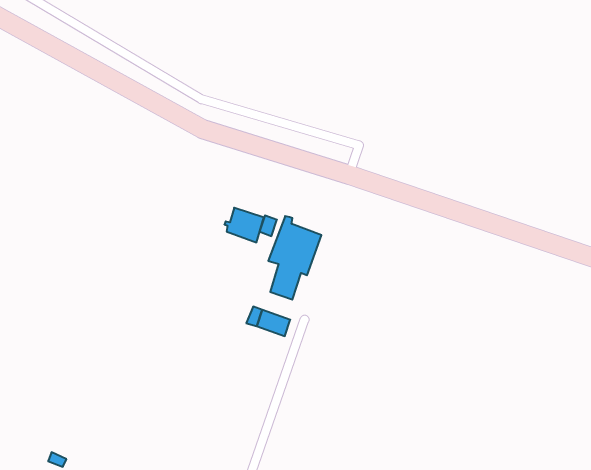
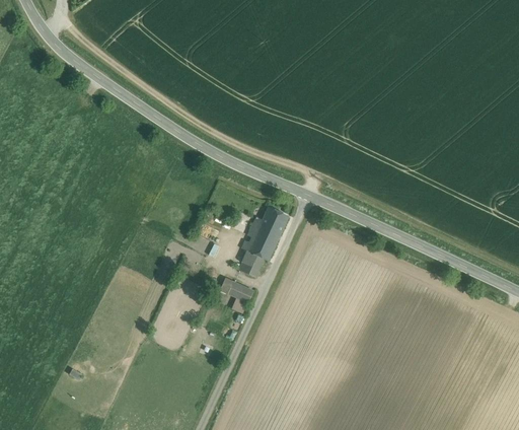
building: [224,208,264,242] -> [260,206,288,232]

